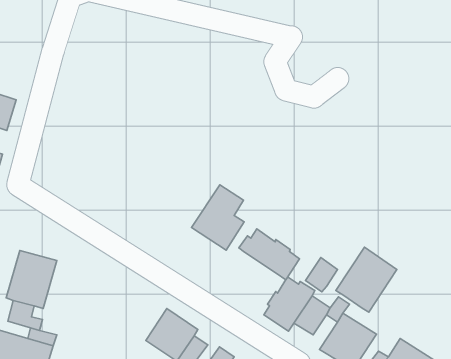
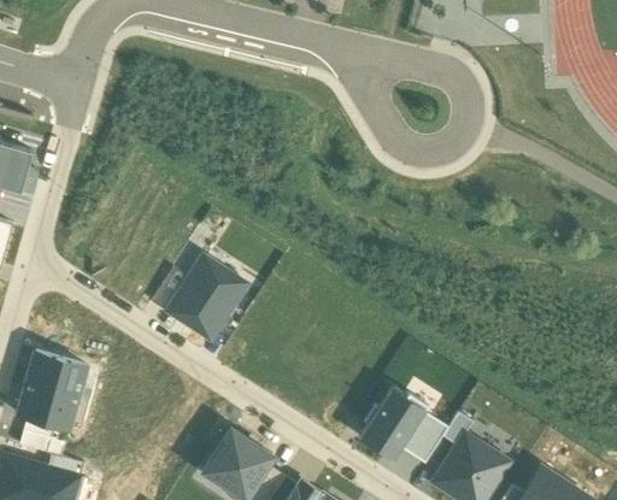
building: [192,185,244,250] -> [165,254,235,341]
building: [239,229,300,280] -> none
building: [336,247,397,312] -> none
building: [305,257,338,292] -> none

